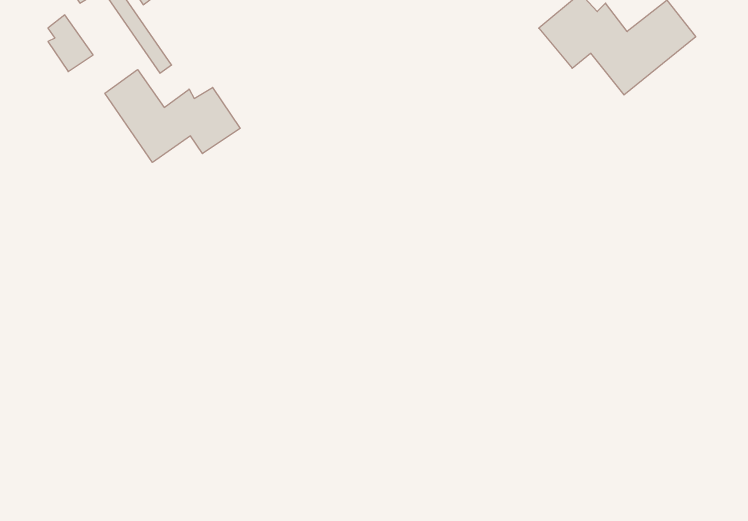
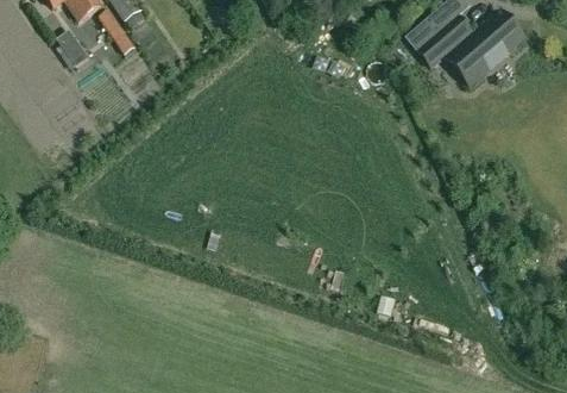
building: [105,70,240,162] -> none

